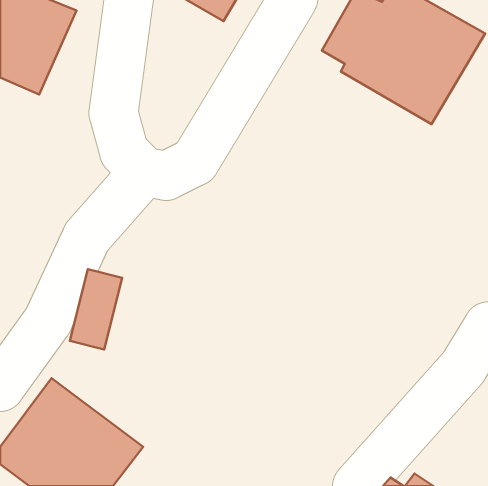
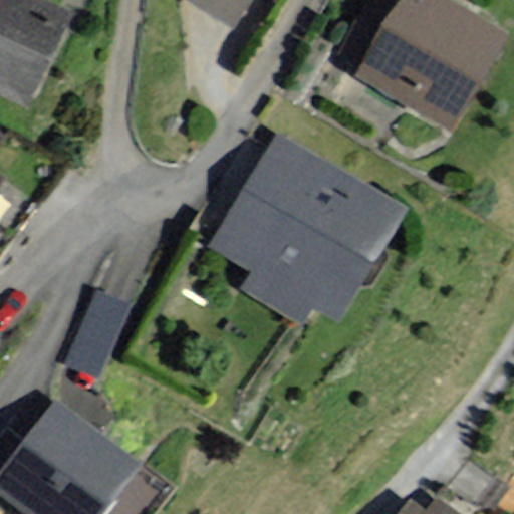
building: none -> [209,135,404,326]

